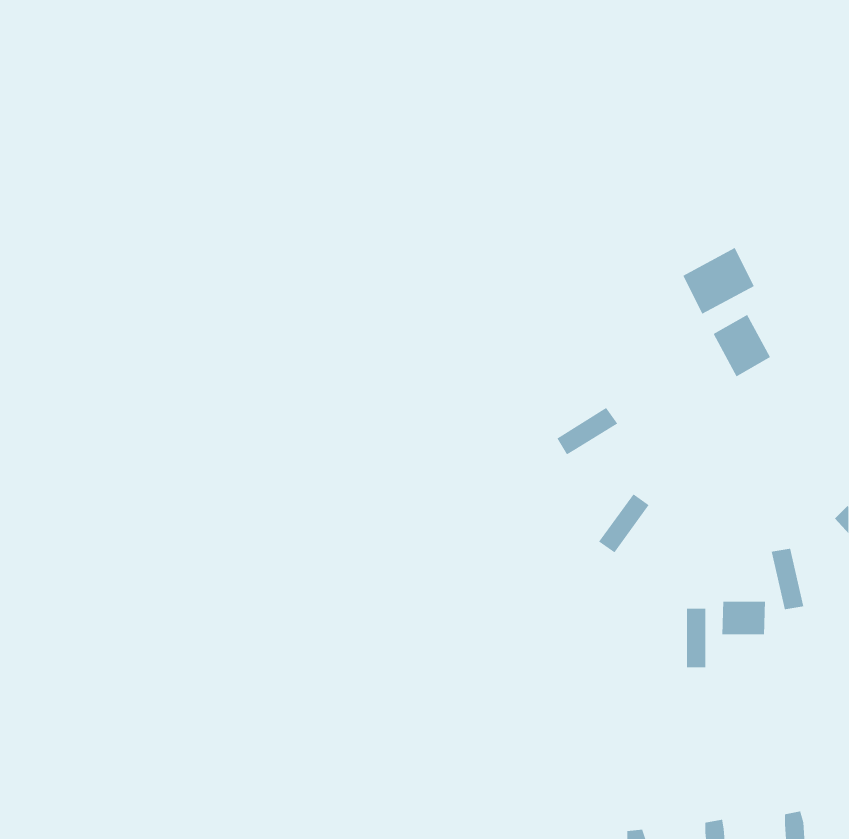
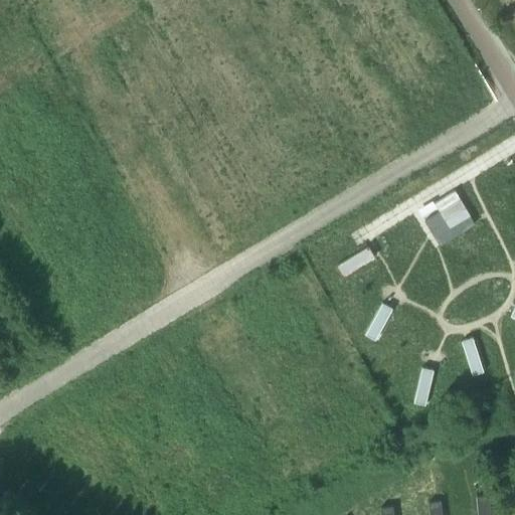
building: [682,247,754,315] -> none
building: [722,601,765,635] -> none

